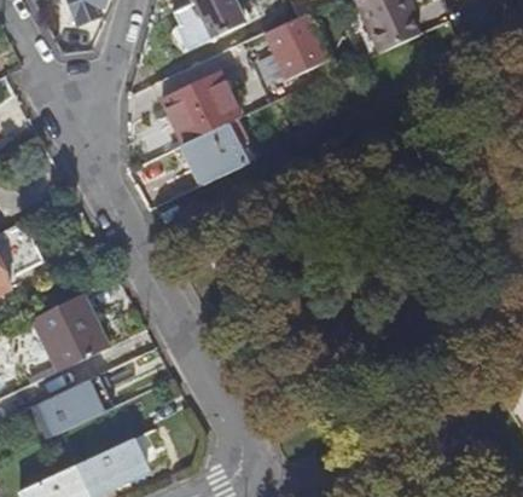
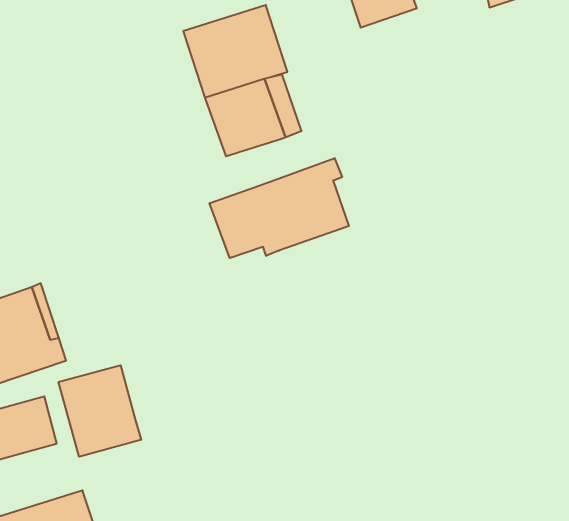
building: none -> [210,158,349,258]
building: none -> [59,365,141,457]

